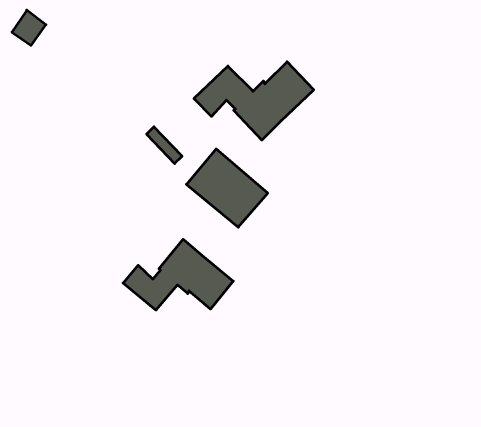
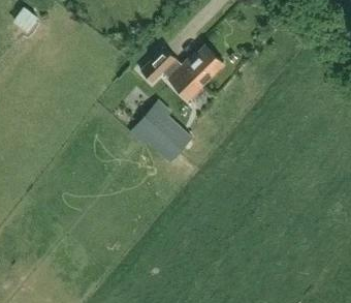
building: [123,239,233,310] -> none

